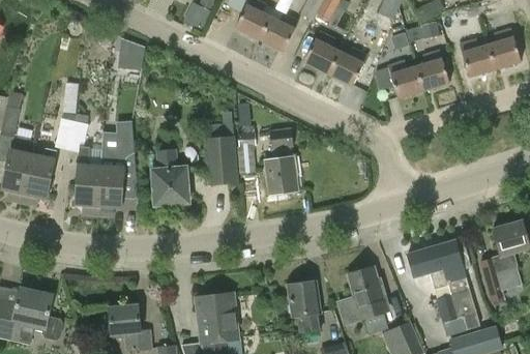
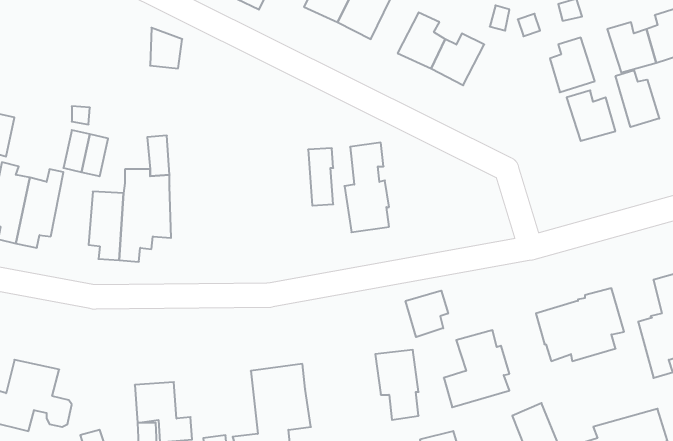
building: [387,61,423,98] -> [567,90,615,141]
building: none -> [616,70,659,127]
building: [203,135,238,185] -> none
building: [152,147,188,205] -> none
building: none -> [406,291,448,337]
building: [436,290,478,330] -> none

